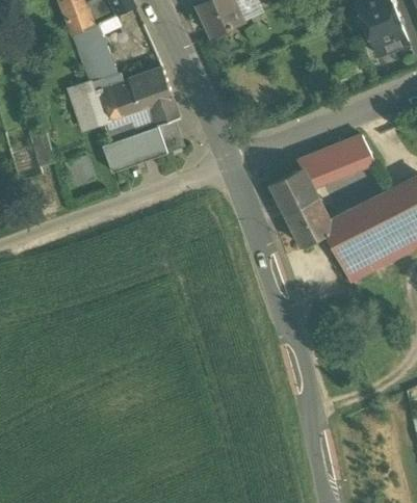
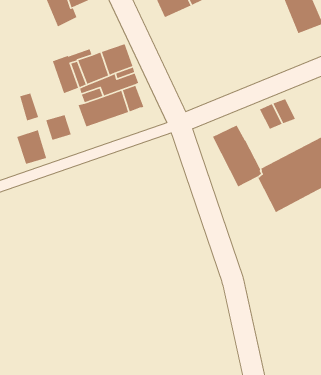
building: [77,34,118,82] -> none
building: [296,149,341,187] -> none
building: none -> [16,129,47,165]

